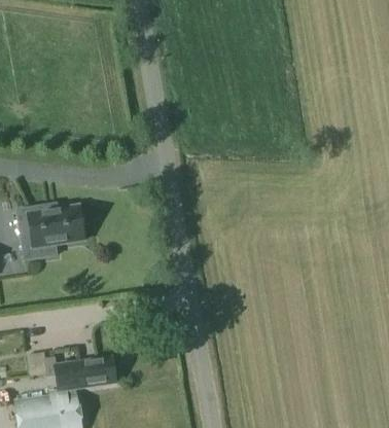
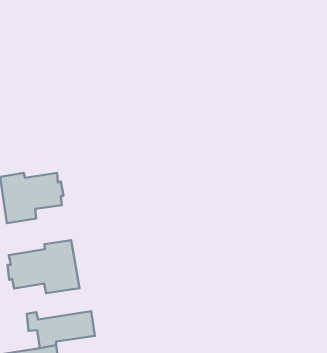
building: none -> [7,240,79,293]

